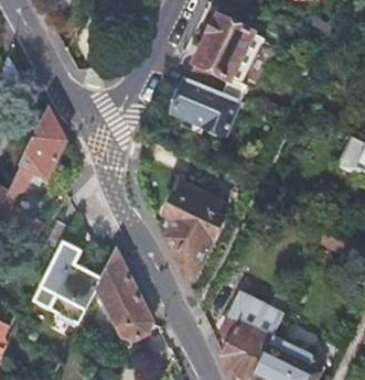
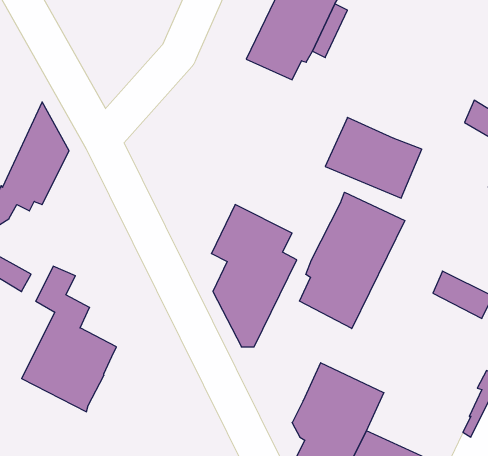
building: [173,77,240,133] -> [325,117,422,198]
building: none -> [299,192,405,329]
building: [95,248,152,339] -> none

